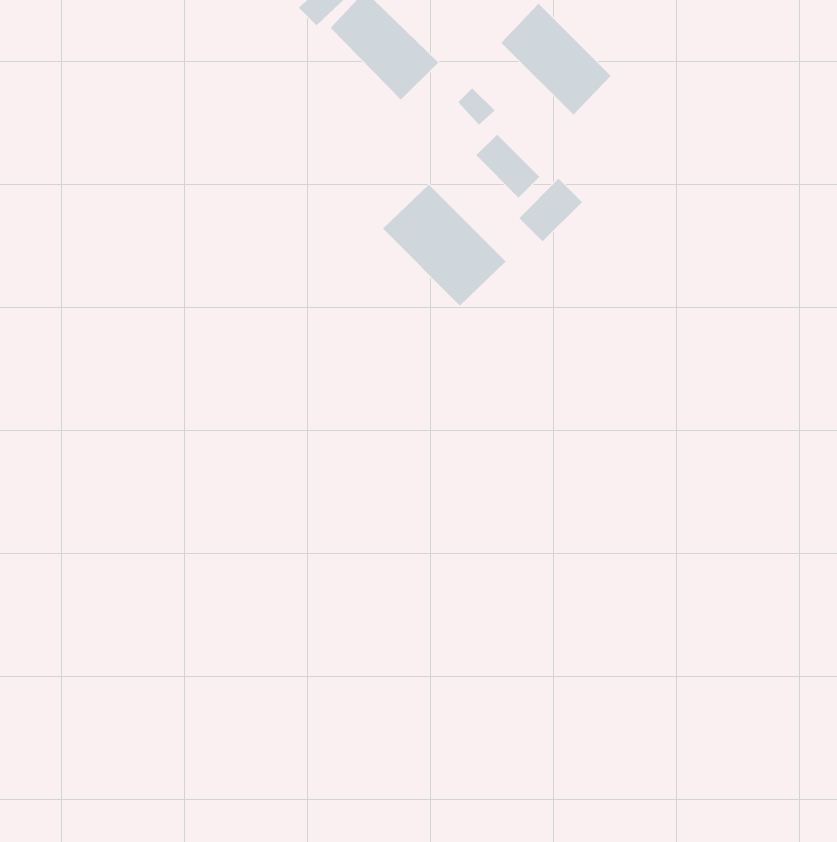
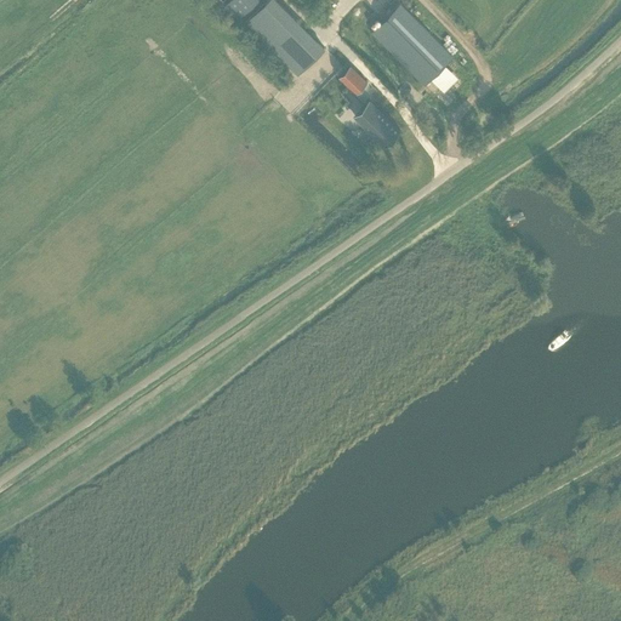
building: [518,178,583,242] -> none
building: [382,184,506,306] -> none

